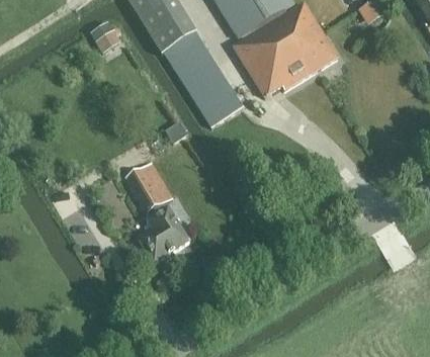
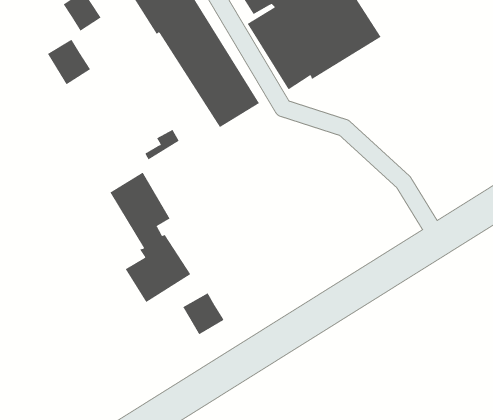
building: none -> [47,39,92,85]
building: none -> [183,293,225,335]

